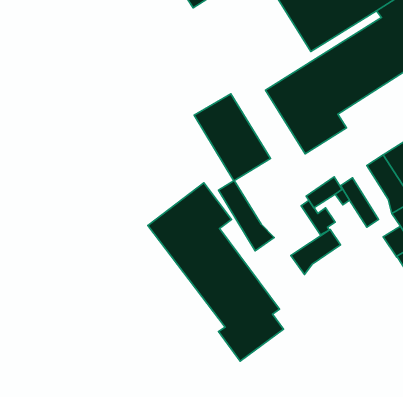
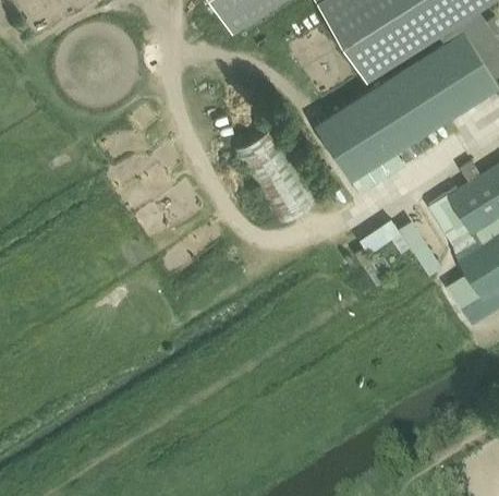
building: [218,181,274,251] -> none
building: [148,183,283,361] -> none
building: [291,229,340,275] -> none

